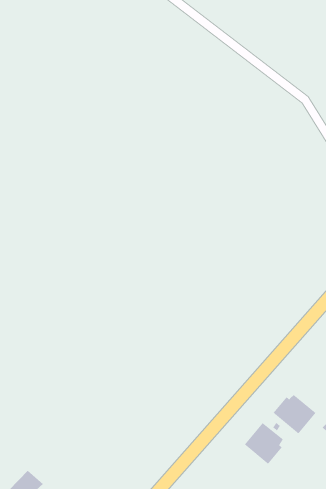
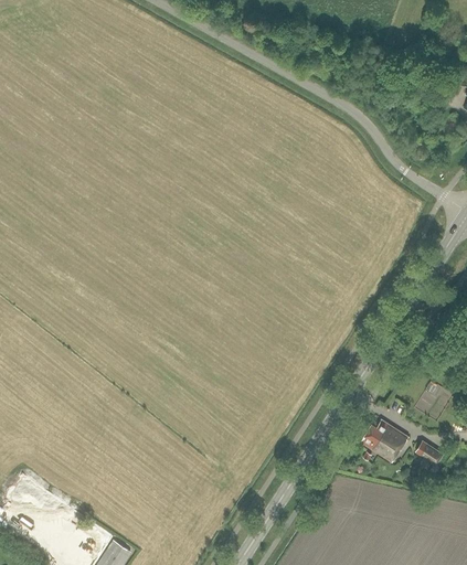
building: [244,422,284,465] -> none

